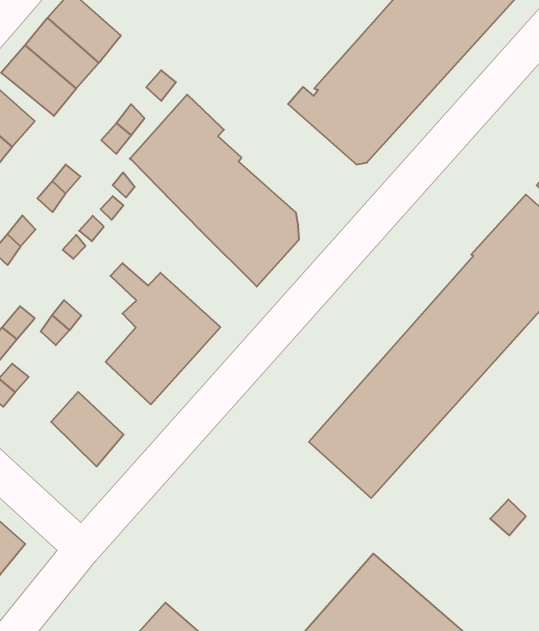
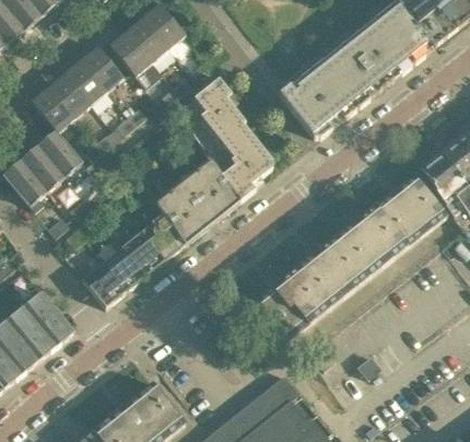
building: none -> [179,152,239,222]
building: none -> [120,231,163,277]
building: none -> [80,261,124,309]

